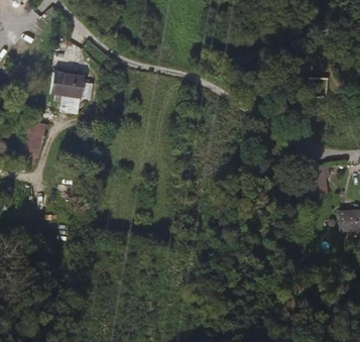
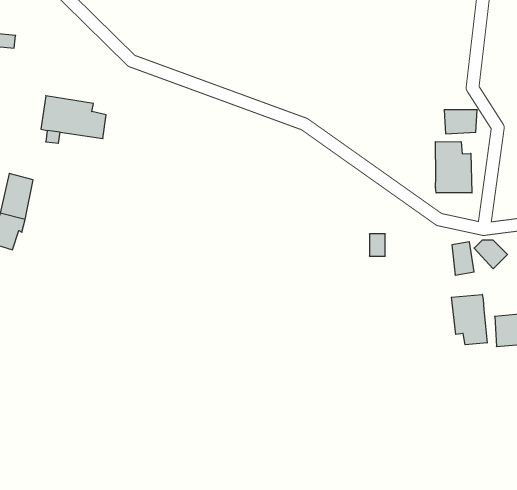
building: none -> [436,142,472,193]
building: none -> [451,294,487,345]

